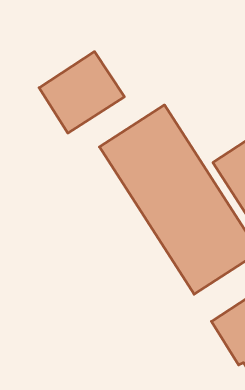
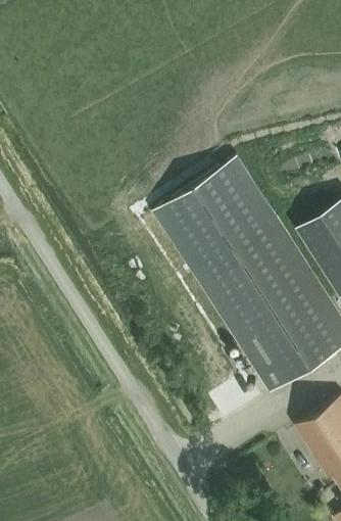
building: [39,52,124,133] -> none

